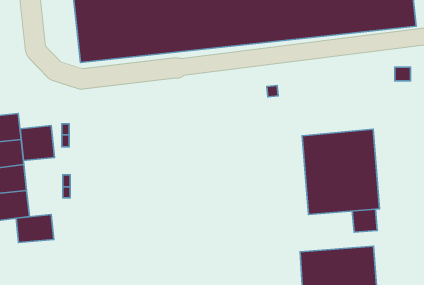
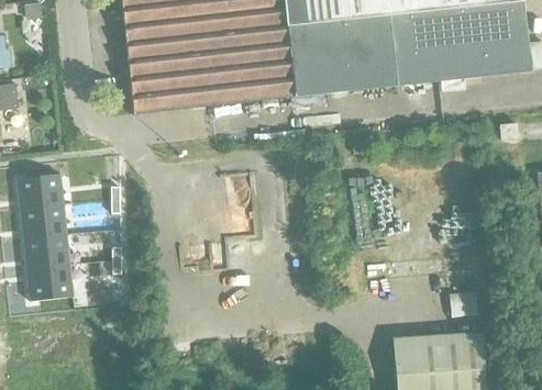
building: [20,126,55,161] -> none
building: [302,129,380,214] -> none
building: [16,214,54,242] -> none

